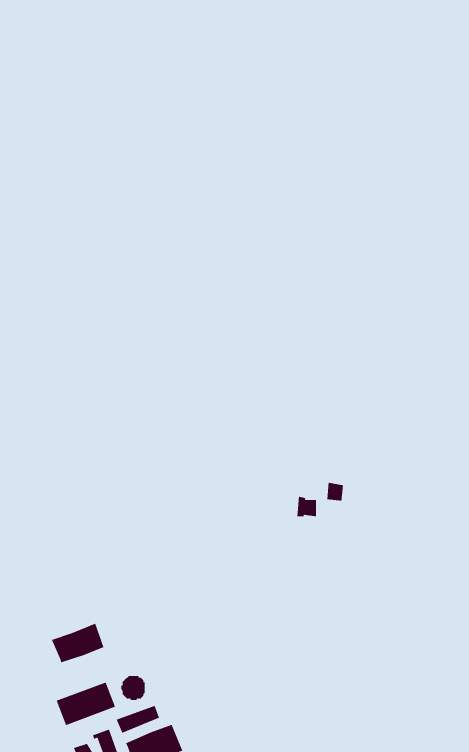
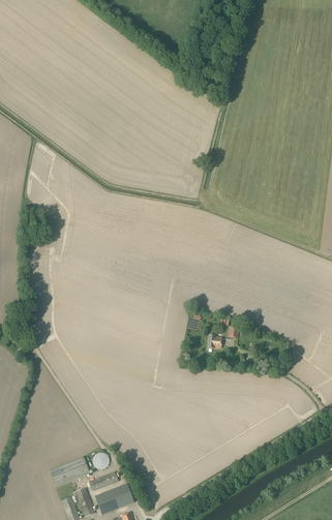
building: [51,623,104,663] -> none

